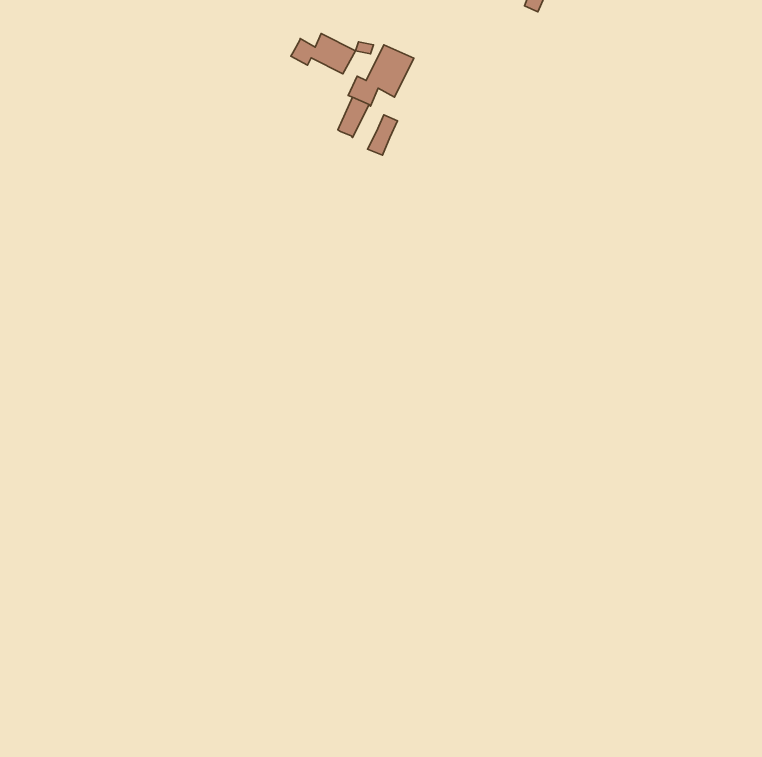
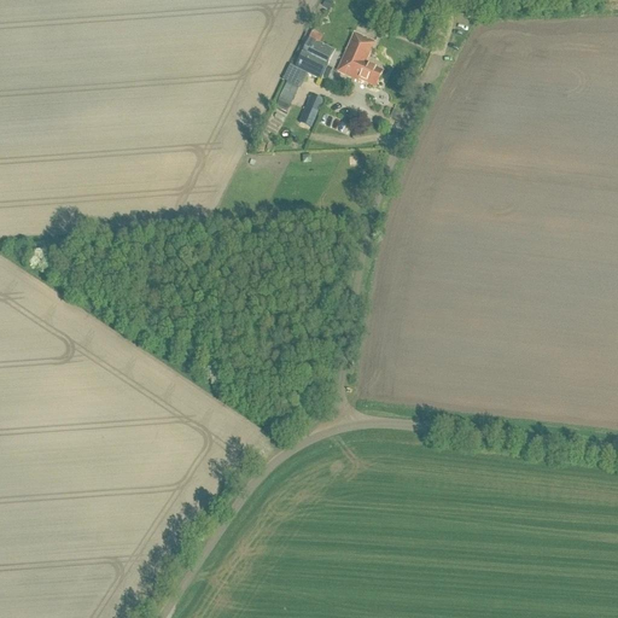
building: [291,34,356,74] -> none
building: none -> [337,30,383,84]

